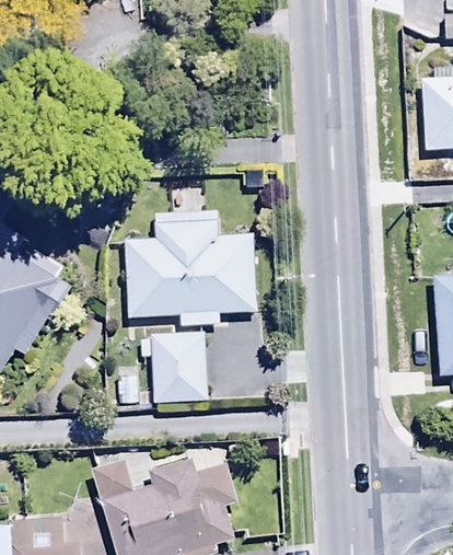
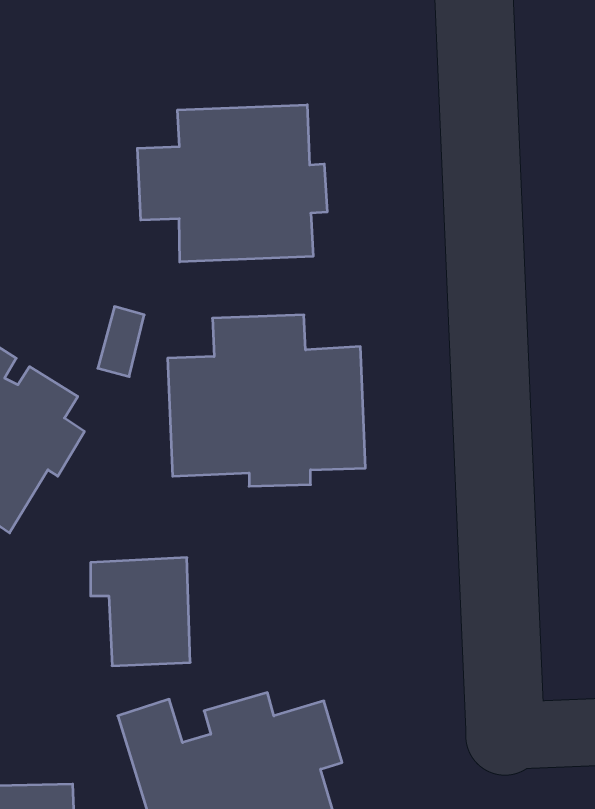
building: none -> [137,105,327,262]
building: [140,332,206,403] -> [91,558,190,666]

